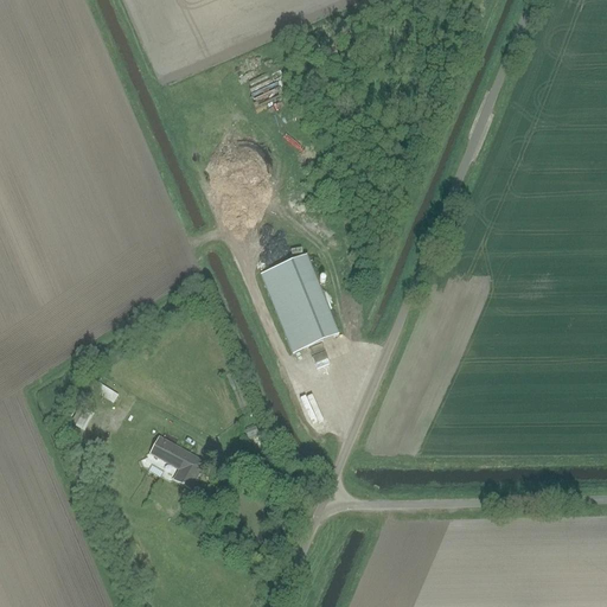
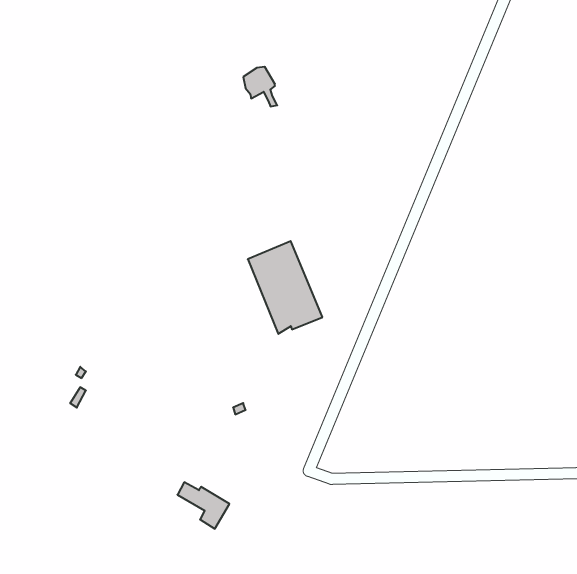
building: [149,437,204,486] -> [177,482,229,529]

